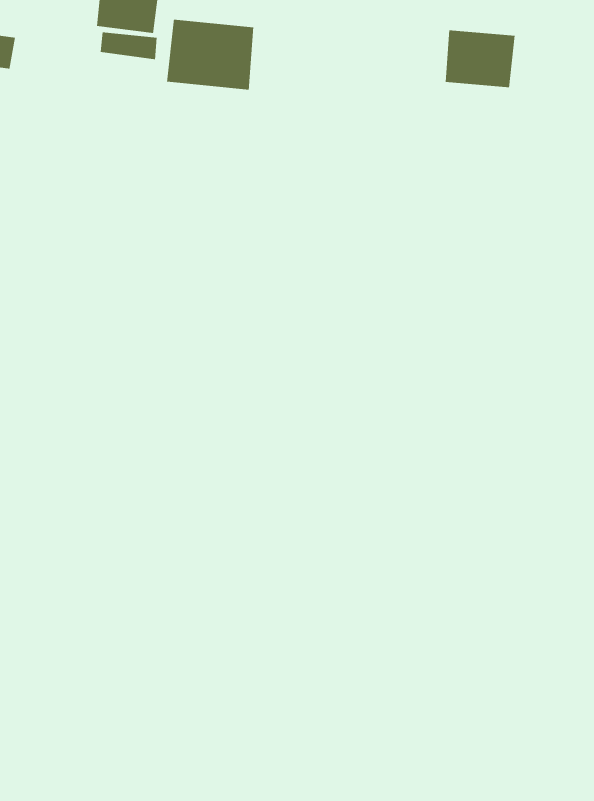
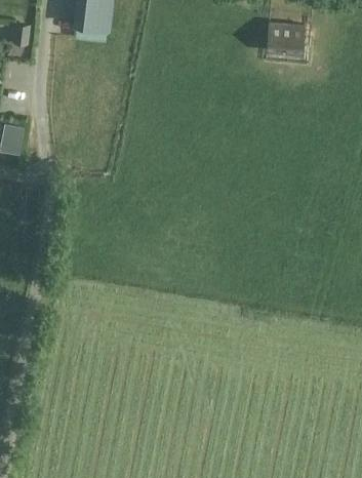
building: [166,19,254,91] -> none

